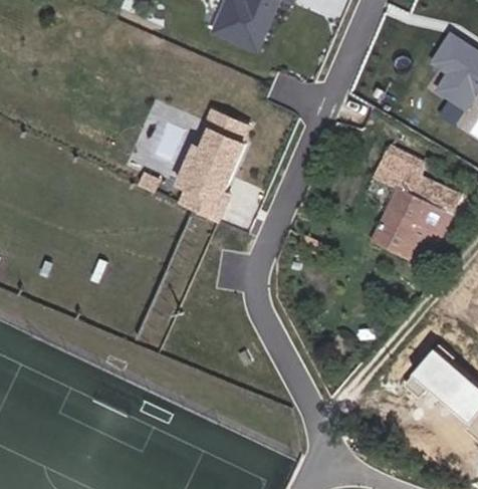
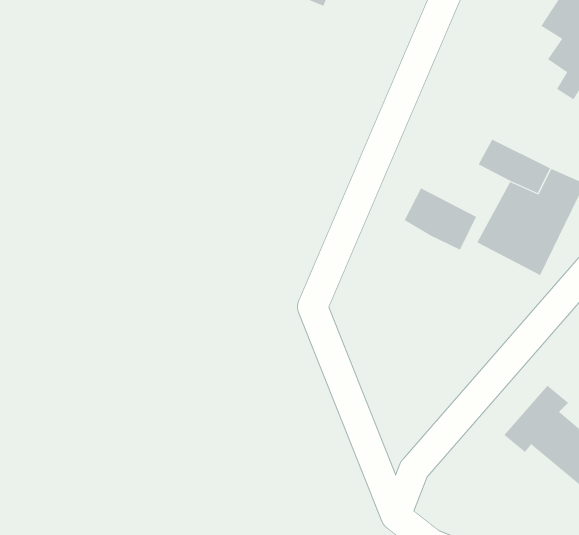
building: [180,106,249,213] -> none
building: none -> [404,187,477,251]

